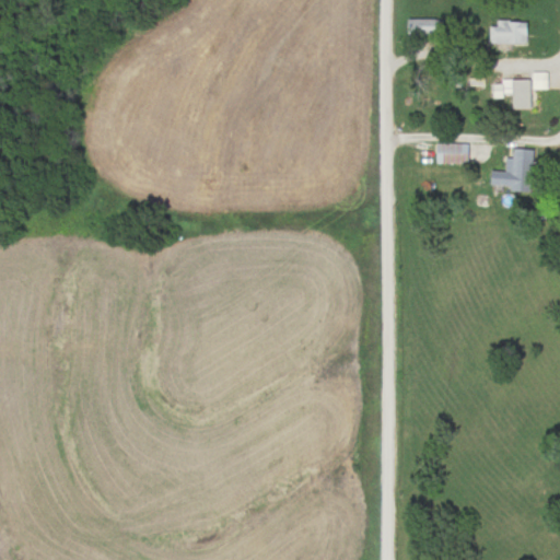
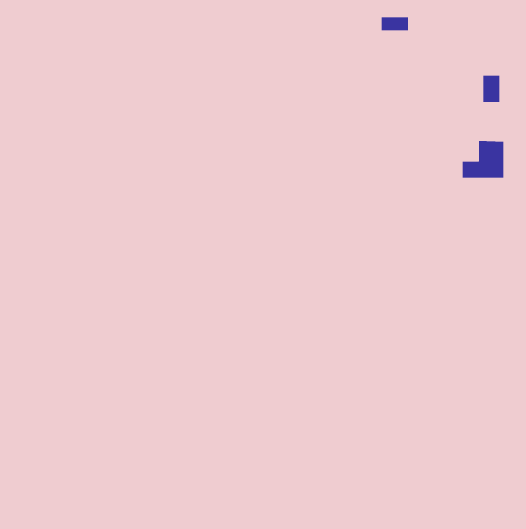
building: [490,21,529,44] -> none
building: [436,143,469,163] -> none

